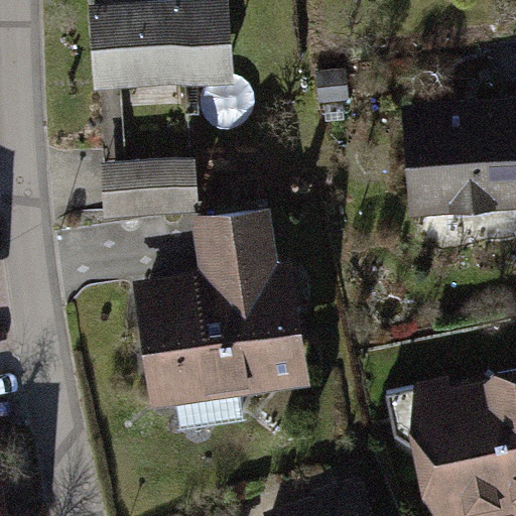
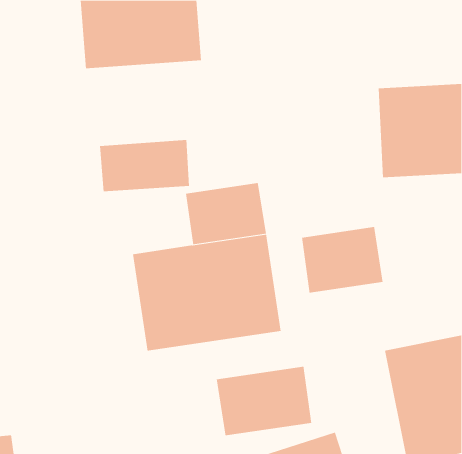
building: none -> [301,226,383,293]
building: none -> [216,366,312,436]

